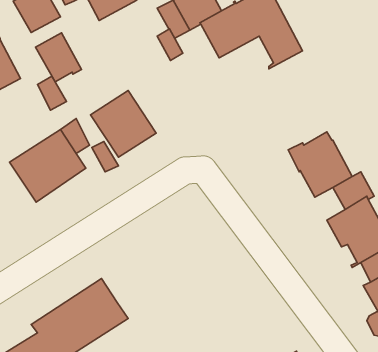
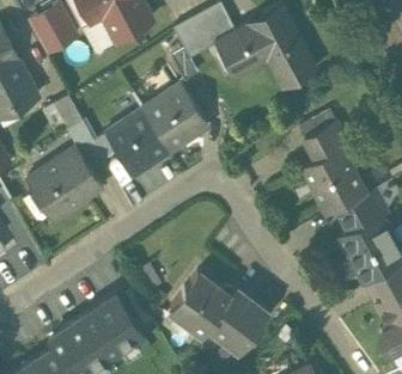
building: [36,33,82,82] -> none
building: none -> [142,84,207,151]
building: none -> [303,122,346,163]
building: none -> [169,272,266,349]

